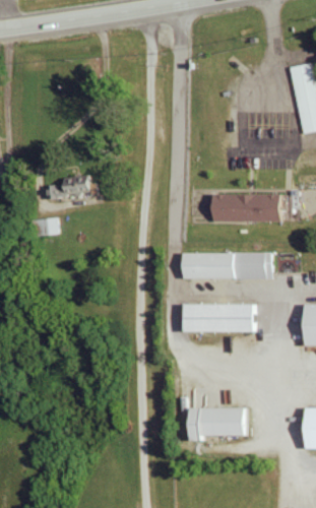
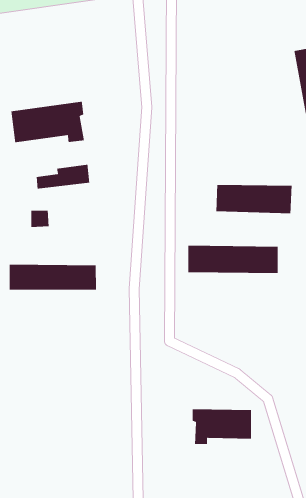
building: none -> [11,101,85,143]
building: none -> [9,264,97,291]
building: [182,303,256,332] -> none

